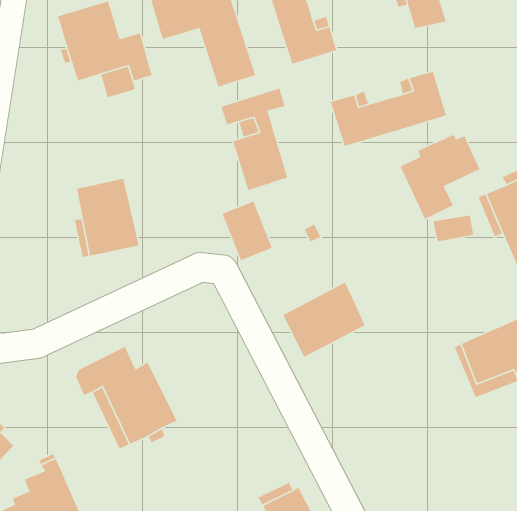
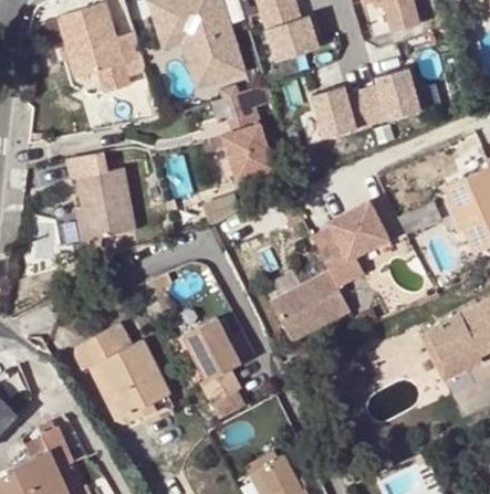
building: none -> [156,30,208,88]
building: [399,134,480,220] -> [311,200,386,280]
building: none -> [181,315,241,401]

